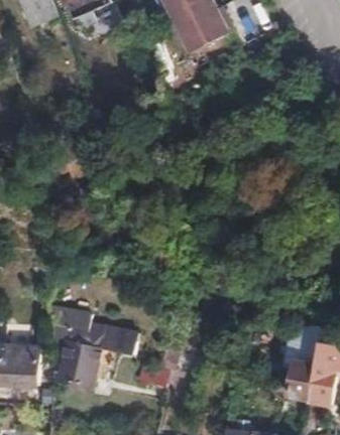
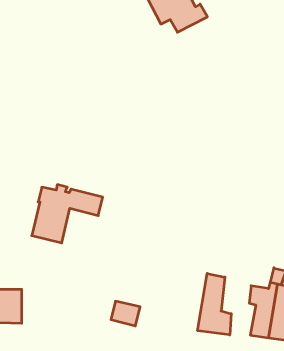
building: [59,321,137,386] -> [32,185,103,243]
building: none -> [198,273,231,335]

